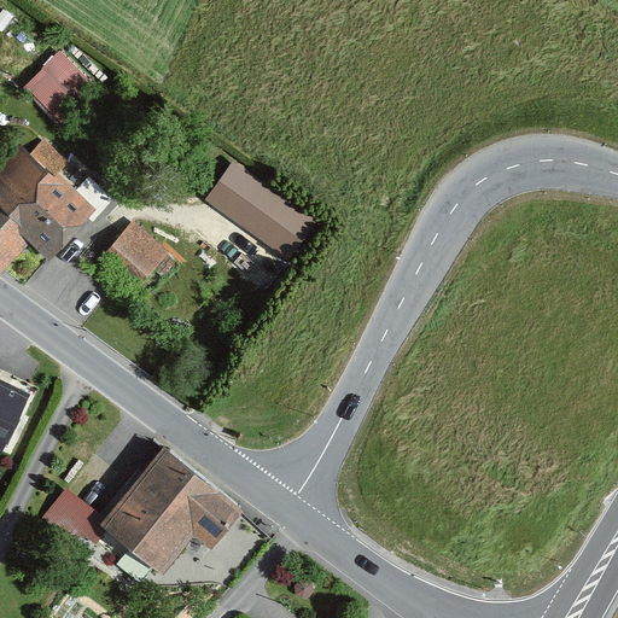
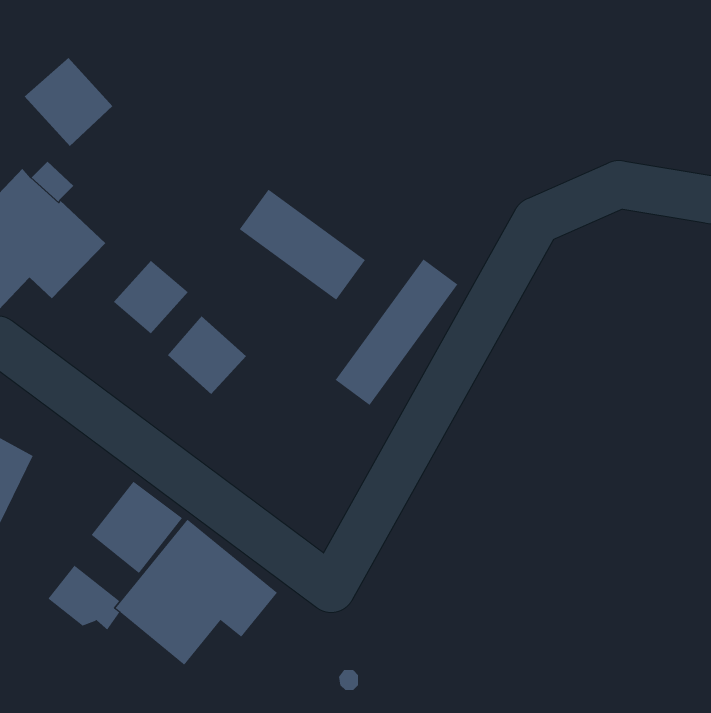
building: none -> [335,259,458,406]
building: none -> [167,315,247,395]
building: none -> [91,481,183,574]

